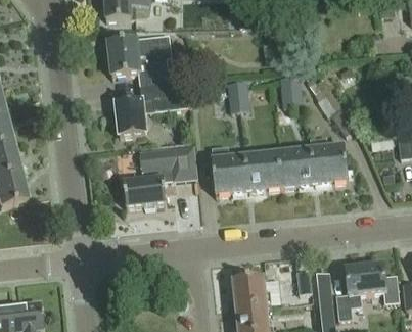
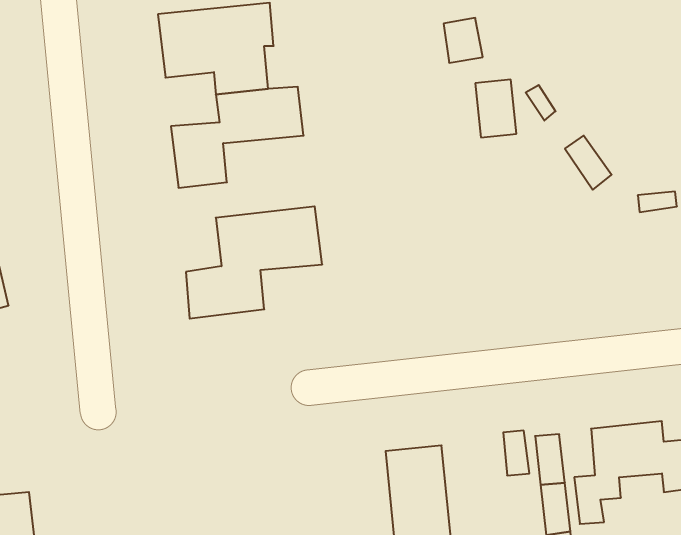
building: [230,83,251,112] -> none
building: [201,139,350,195] -> none

